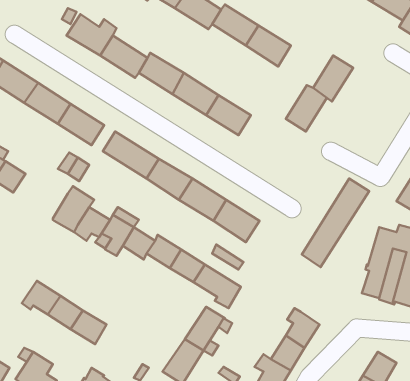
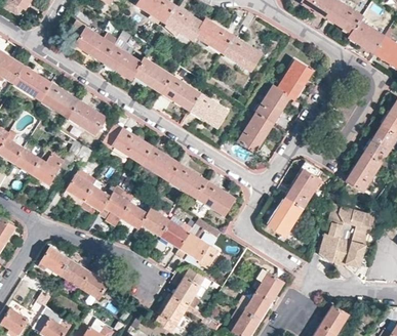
building: none -> [238,114,272,152]
building: none -> [31,150,64,185]

